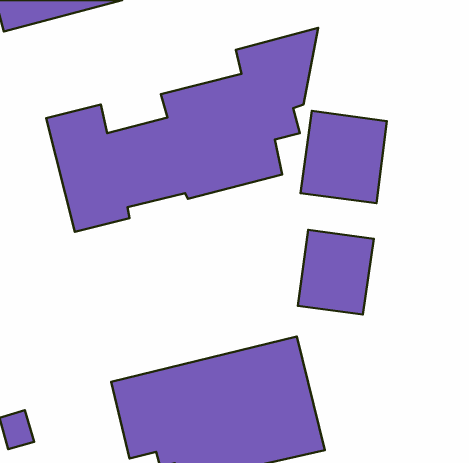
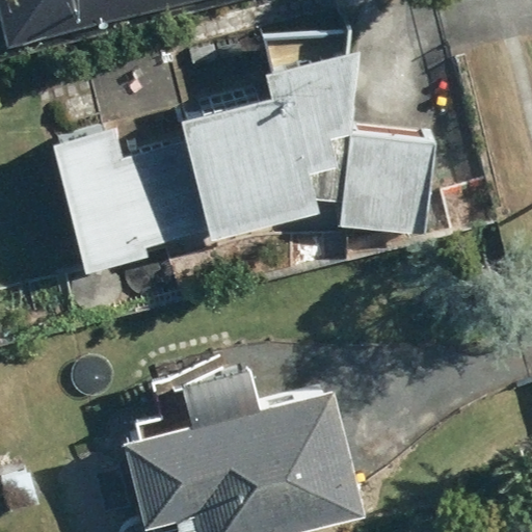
building: [298,230,374,314] -> none

